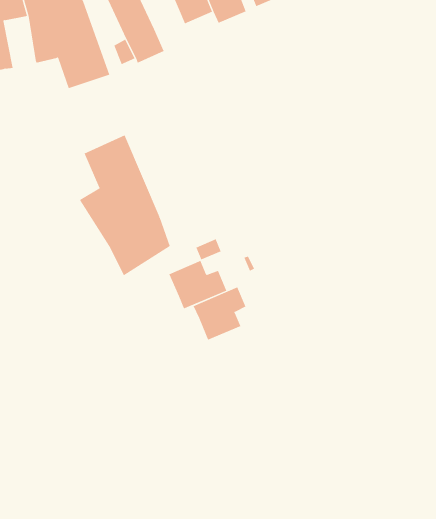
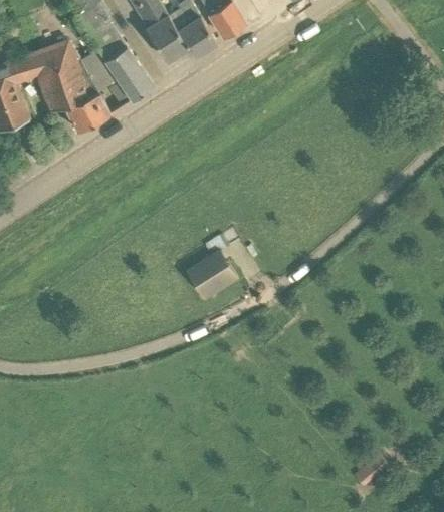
building: [80,135,171,276] -> none
building: [193,286,246,341] -> none

